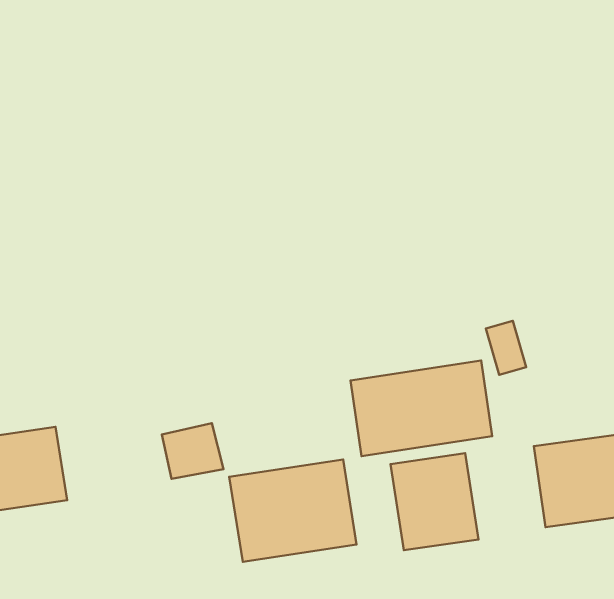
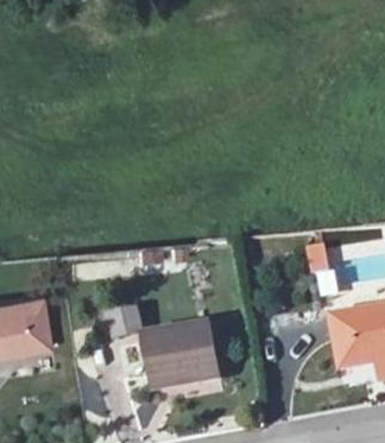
building: [350,360,492,456] -> none
building: [391,453,478,550] -> none

